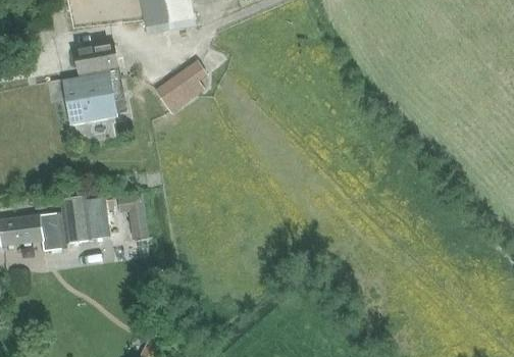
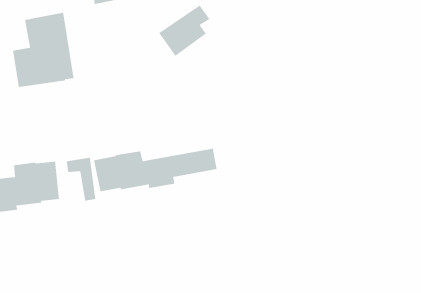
building: [153,59,207,113] -> [158,4,211,57]
building: none -> [93,148,217,192]

